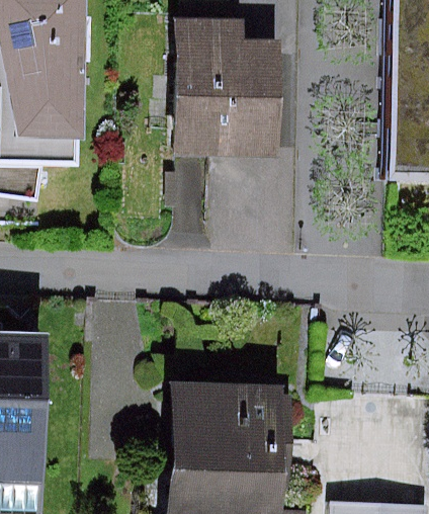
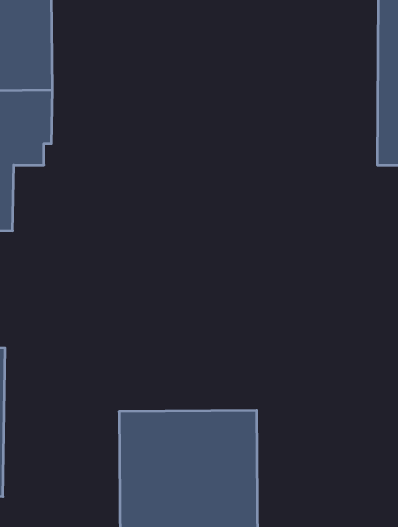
building: [188,10,293,163] -> none

